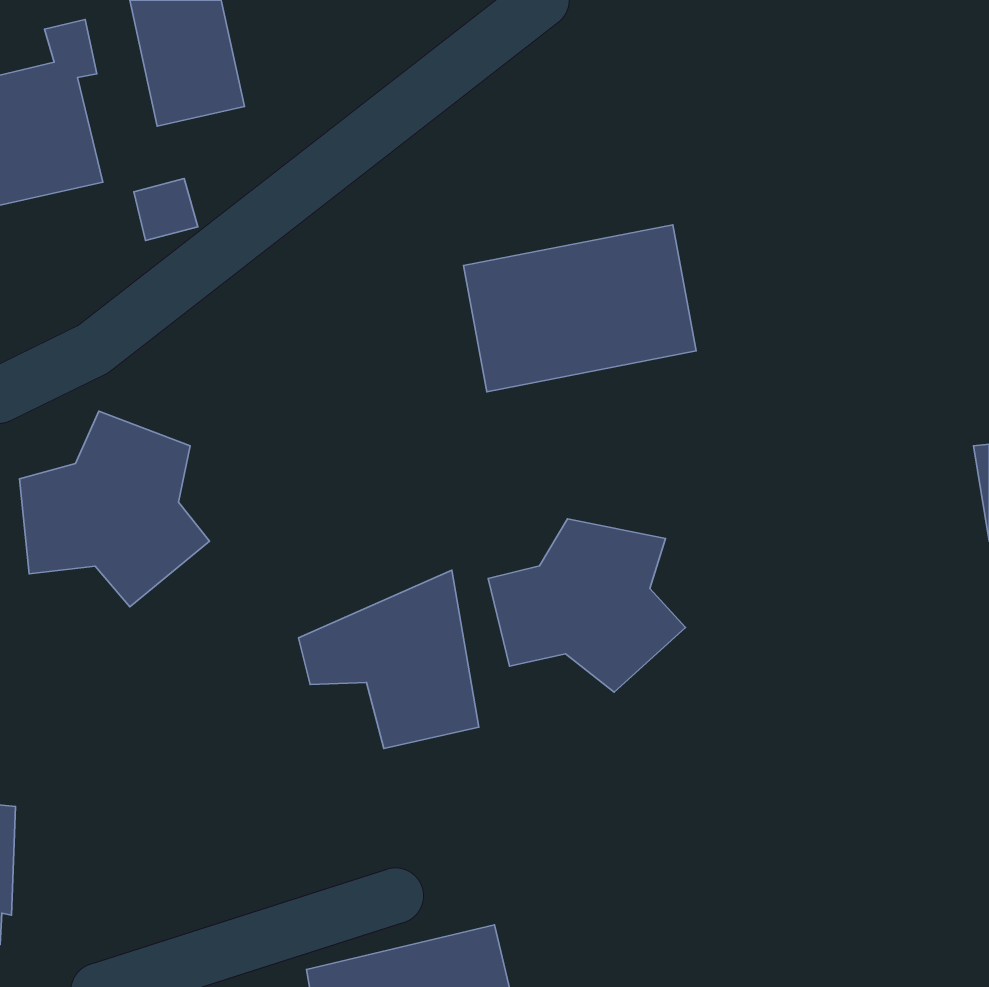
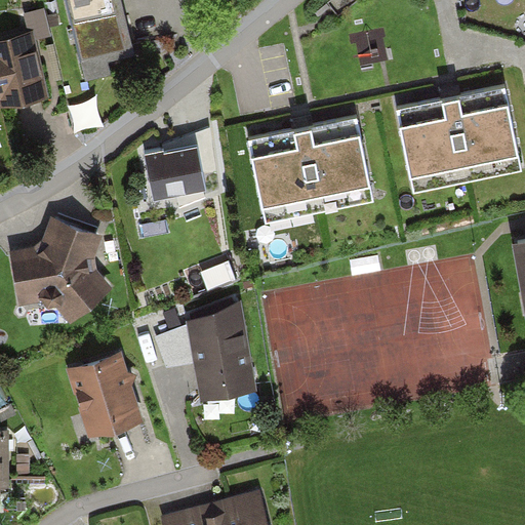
building: none -> [395,89,516,177]
building: none -> [146,147,202,199]
building: [488,519,686,692] -> none
building: none -> [68,354,140,434]

